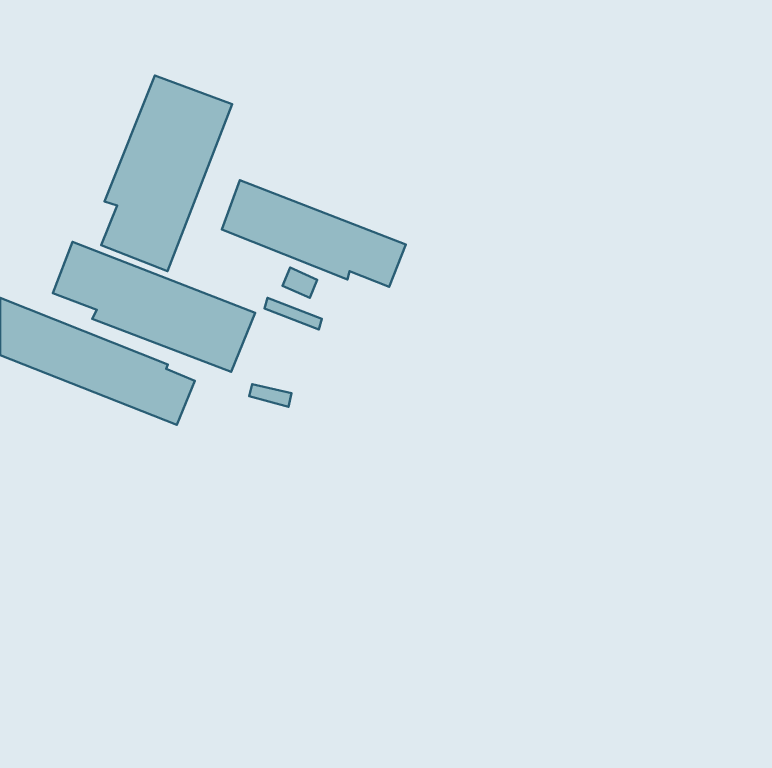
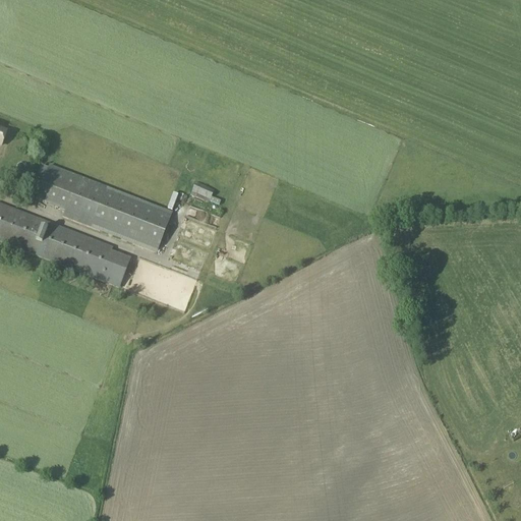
building: [101,75,232,271] -> none
building: [222,180,406,287] -> none

